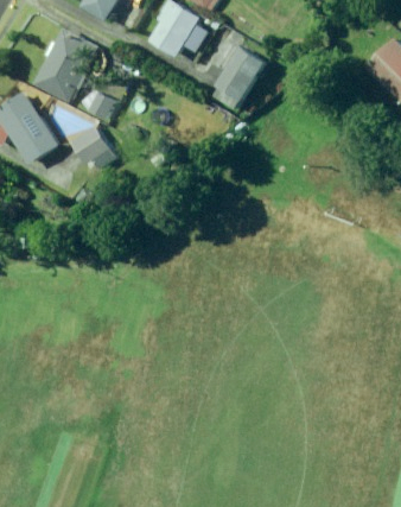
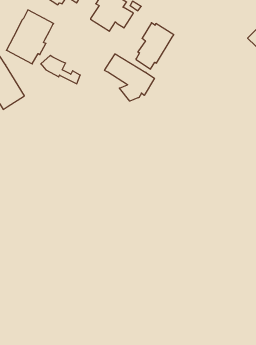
building: none -> [105,54,154,101]
building: [71,127,115,169] -> none

